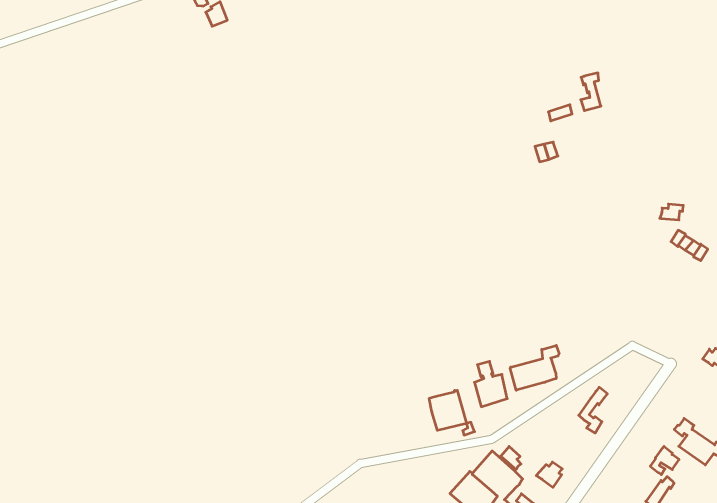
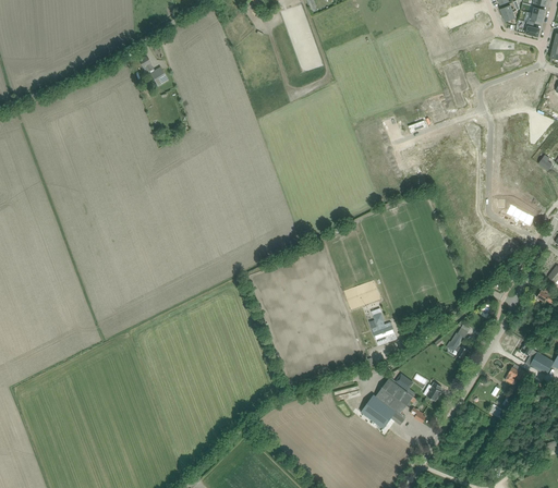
building: [510,345,559,390] -> none
building: [429,390,466,430] -> none

